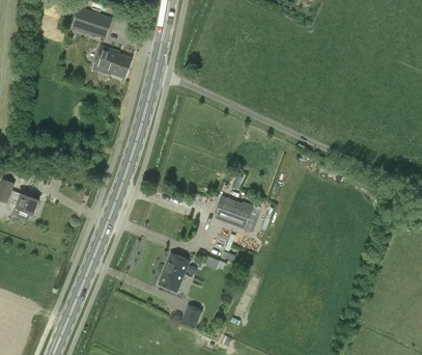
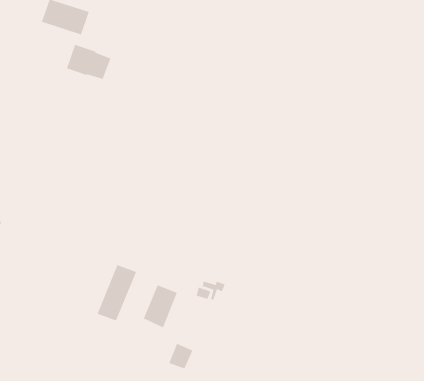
building: [215,196,253,229] -> none
building: none -> [96,264,137,321]

